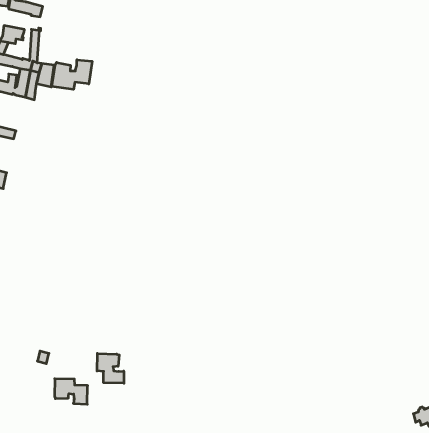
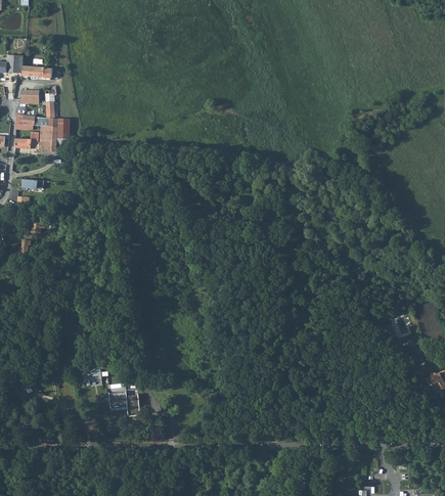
building: [52,60,92,89] -> none
building: [97,353,124,383] -> none

